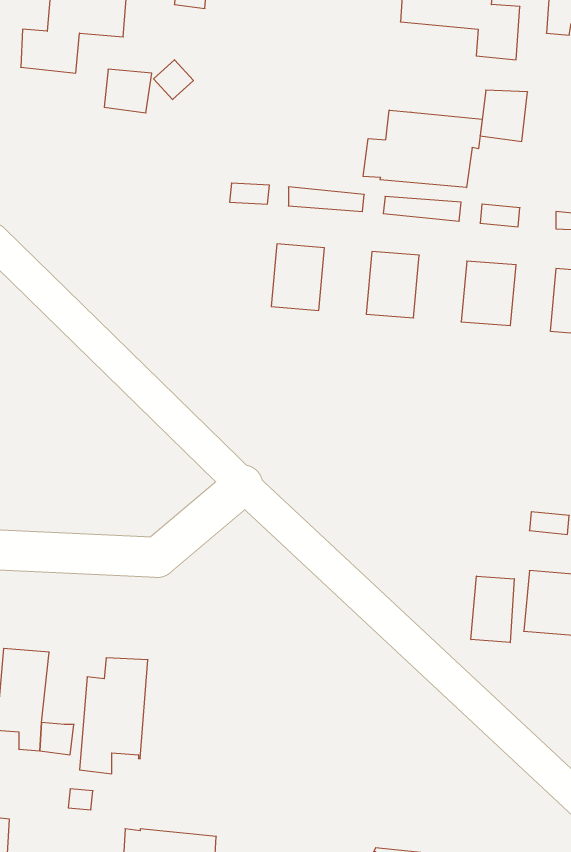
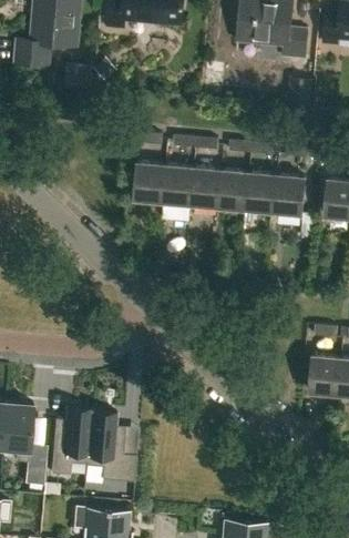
building: [363,110,482,188] -> none
building: none -> [133,164,165,203]
building: none -> [189,169,220,207]
building: none -> [245,173,276,212]
building: [471,576,514,643] -> none
building: none -> [85,409,135,483]

